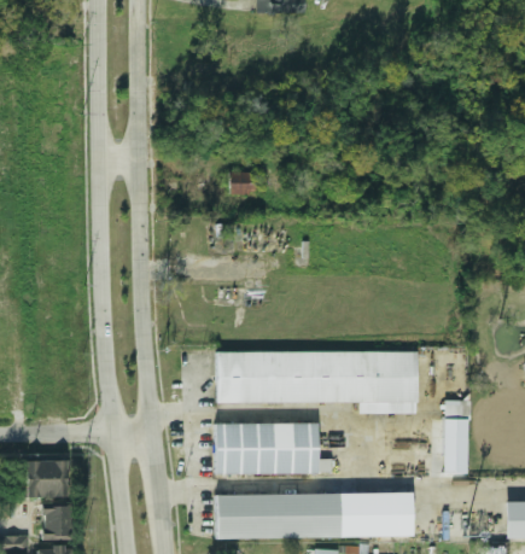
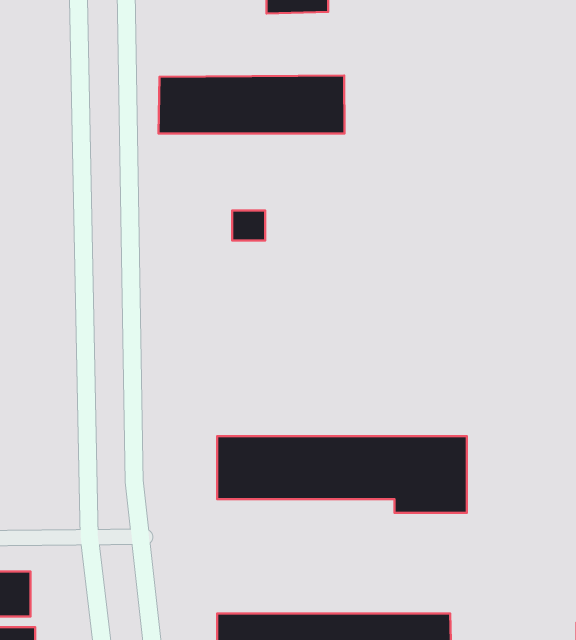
building: none -> [159,75,344,133]
building: [444,400,468,473] -> none
building: [216,424,333,473] -> none

